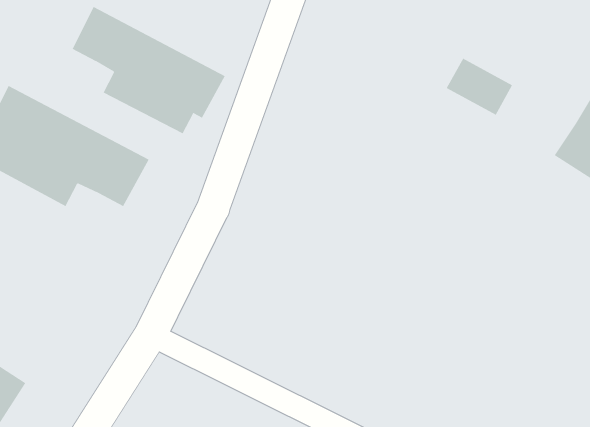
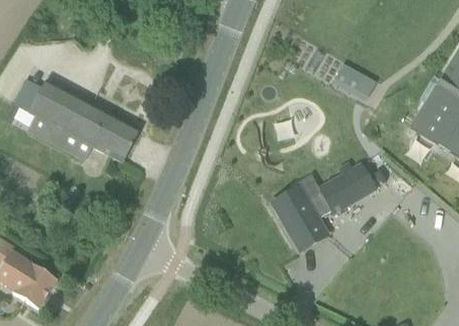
building: [72,6,226,134] -> none
building: none -> [272,163,375,250]

